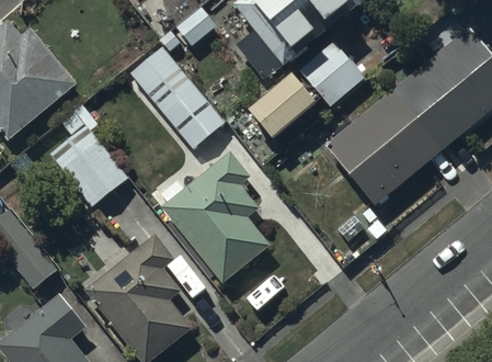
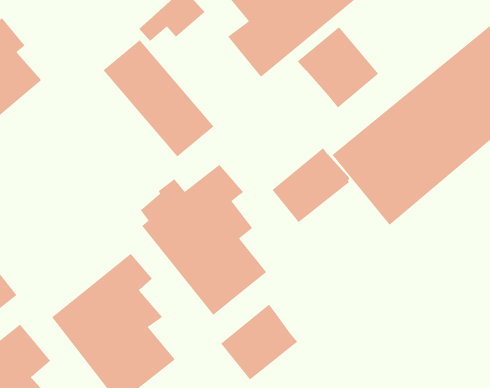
building: [248,75,314,139] -> [272,147,350,223]
building: [50,111,129,207] -> none
building: none -> [220,304,298,380]

